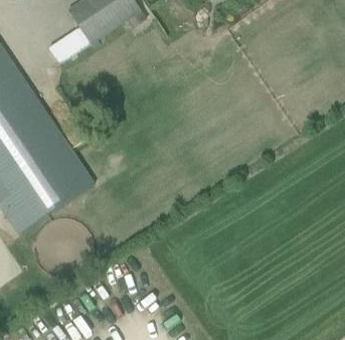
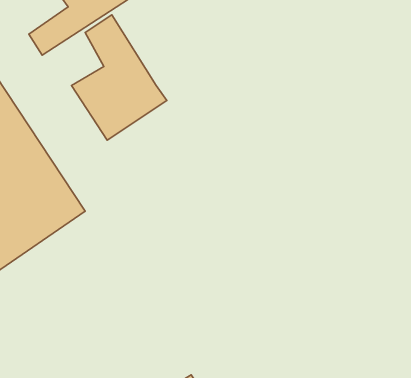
building: none -> [71,15,167,140]

